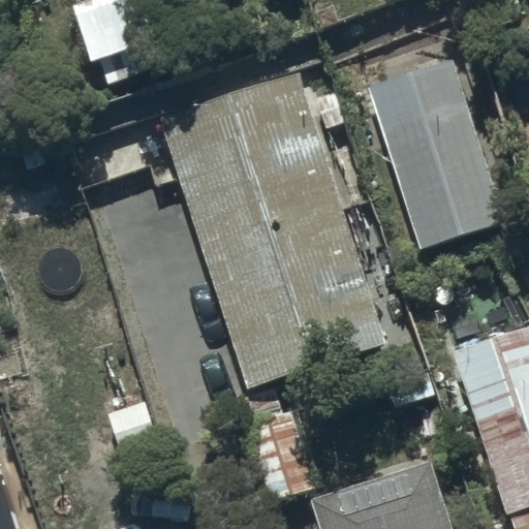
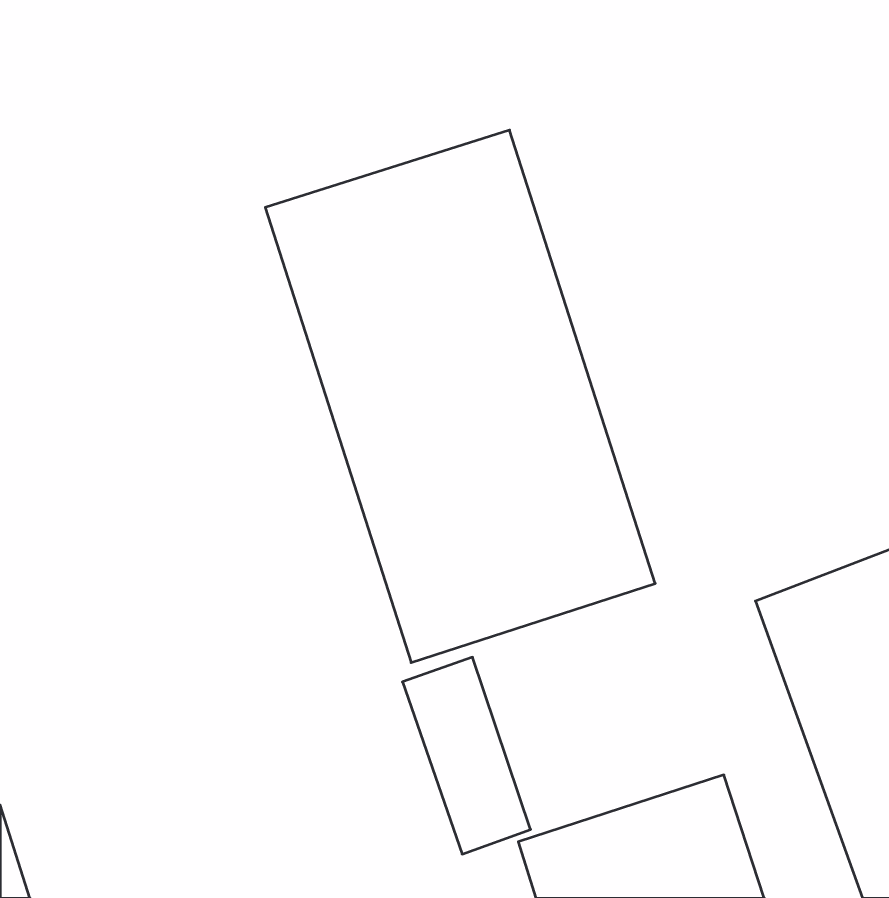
building: [369,62,504,255] -> none

